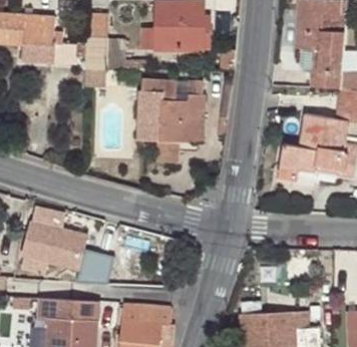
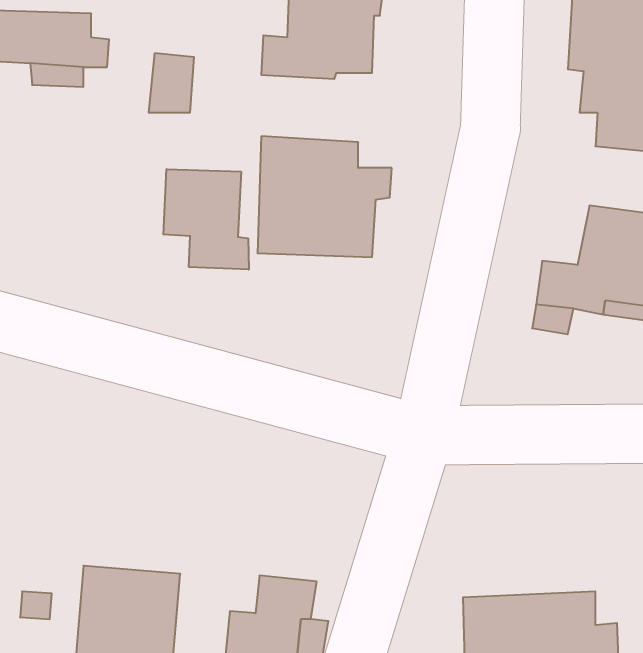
building: none -> [163,169,249,270]
building: [17,206,112,284] -> none

